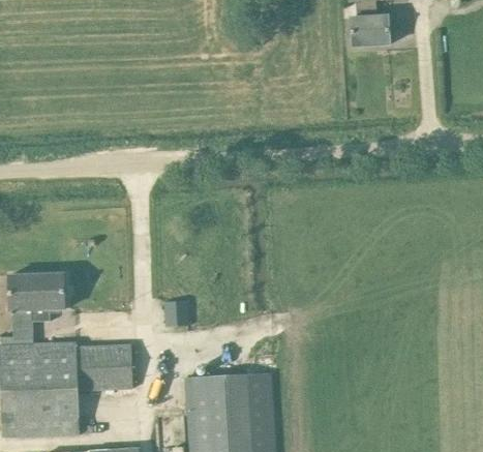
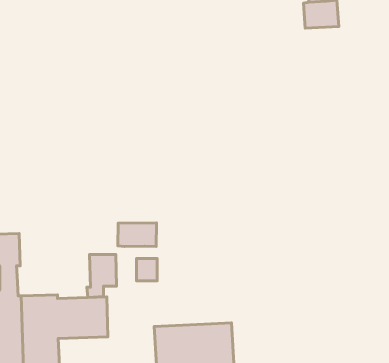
building: none -> [118,223,156,247]
building: [32,274,65,322] -> [87,255,117,297]

